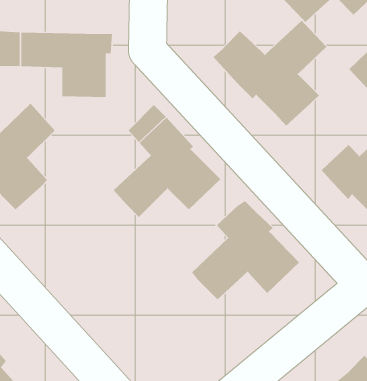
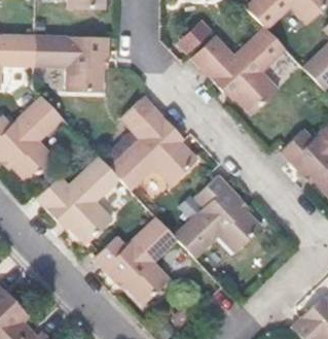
building: none -> [35,157,119,245]
building: none -> [93,216,177,306]

